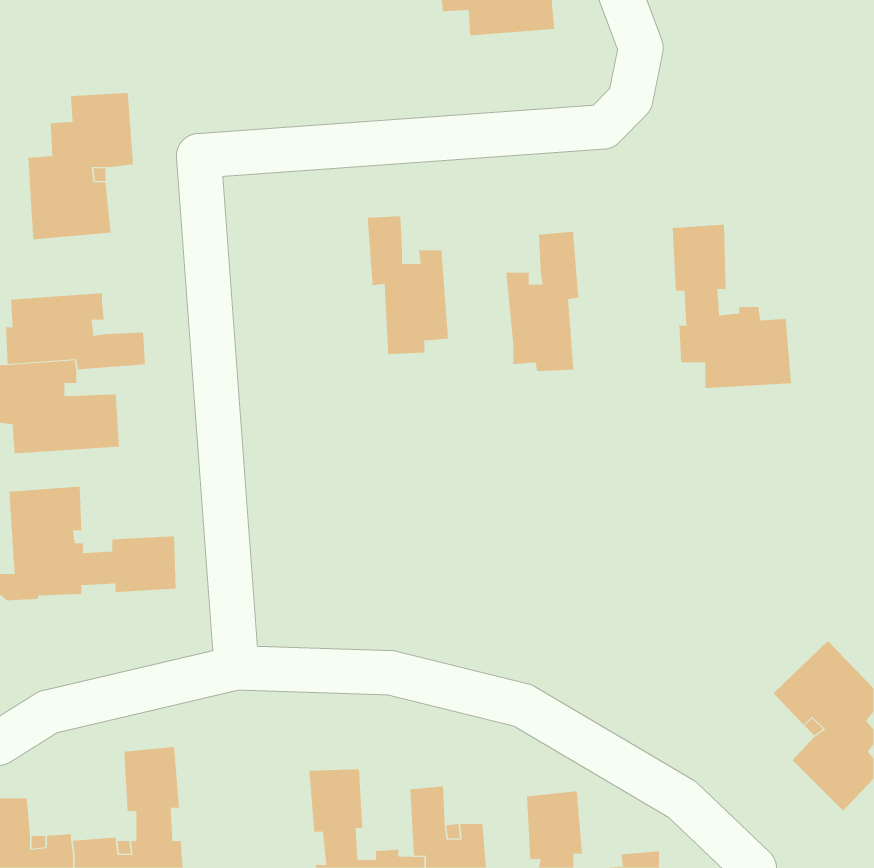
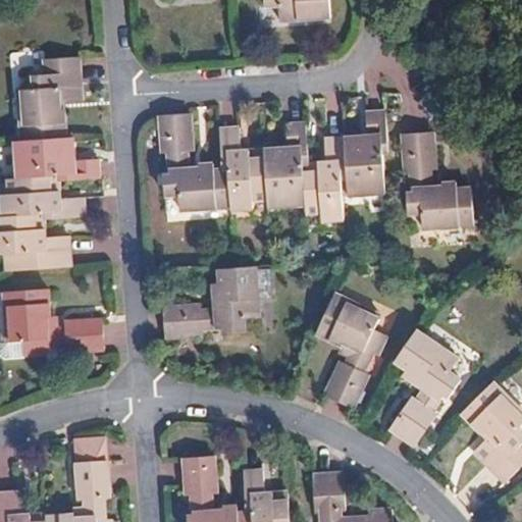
building: none -> [342,114,387,198]
building: none -> [159,117,230,211]
building: none -> [263,124,306,207]
building: none -> [16,139,99,180]
building: none -> [160,267,257,337]
building: none -> [316,291,386,406]
building: none -> [387,329,461,448]

